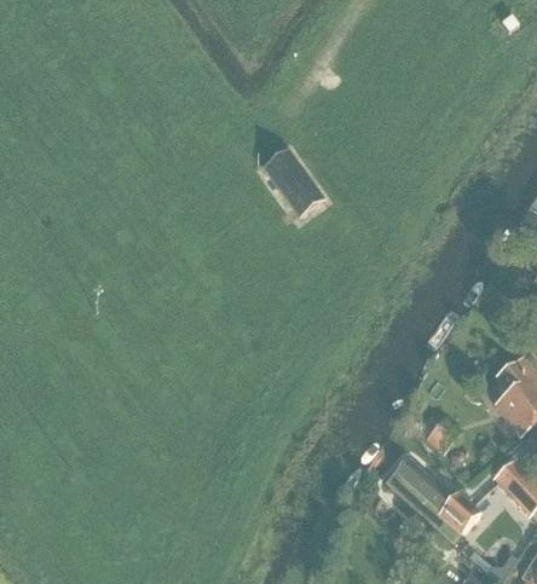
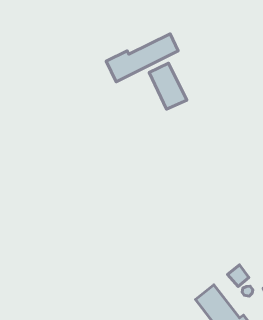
building: none -> [106,34,178,82]

